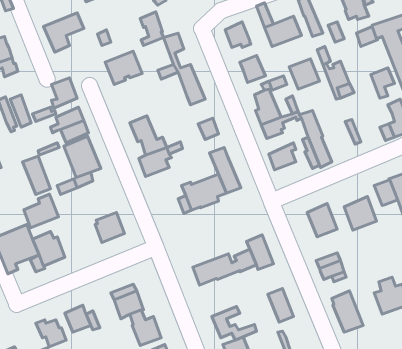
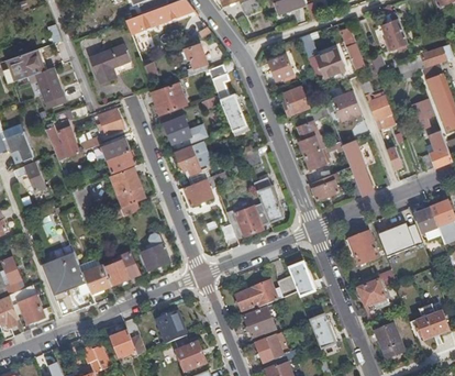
building: none -> [164,114,209,147]
building: [24,194,58,228] -> [104,251,138,284]
building: none -> [245,307,276,338]

